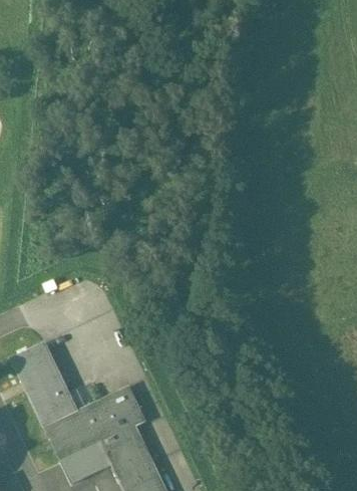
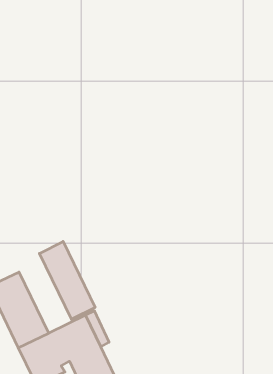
building: none -> [39,241,95,319]

